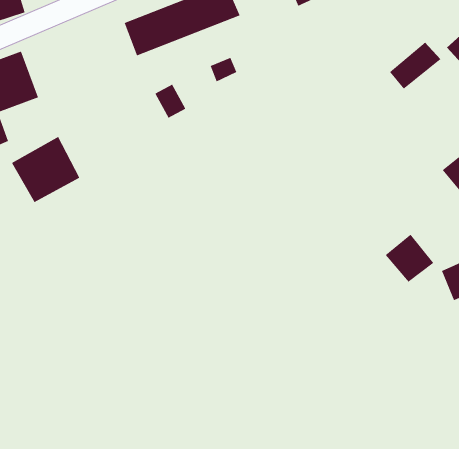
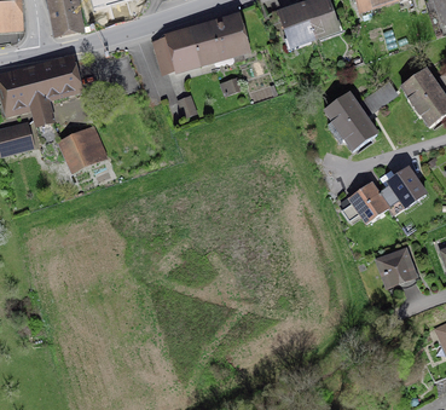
building: none -> [323,94,373,151]
building: [385,234,434,283] -> [349,183,387,220]

